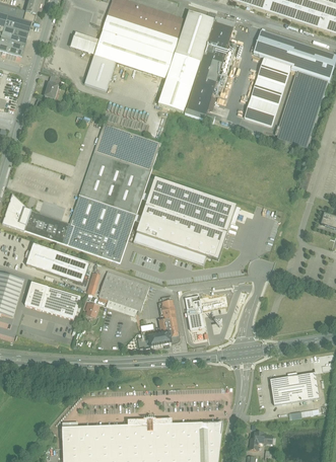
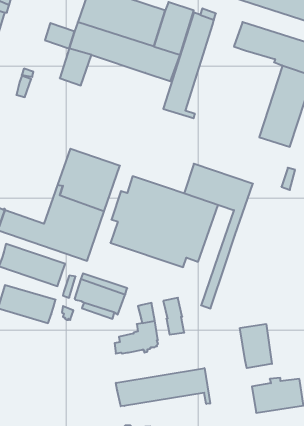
building: [244,57,291,126] -> none
building: [158,78,191,111] -> none
building: [94,123,160,261] -> [184,164,253,308]
building: none -> [240,324,272,368]
building: none -> [116,368,210,406]

